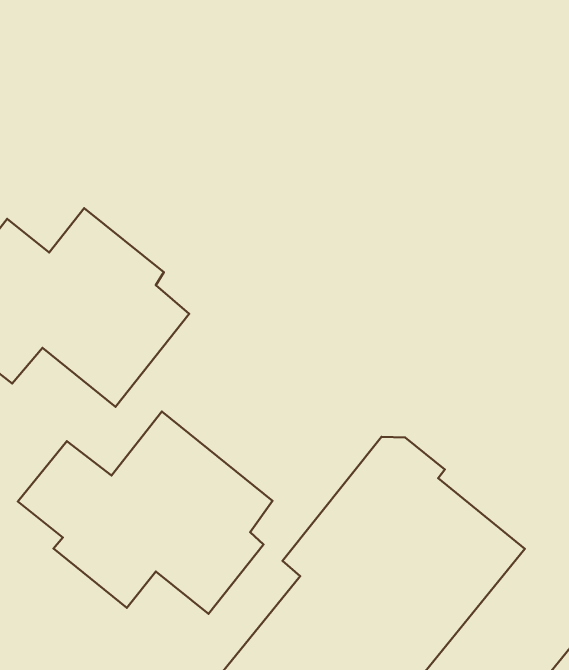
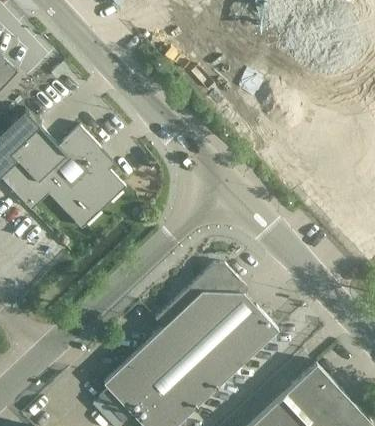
building: [18,412,273,614] -> none

